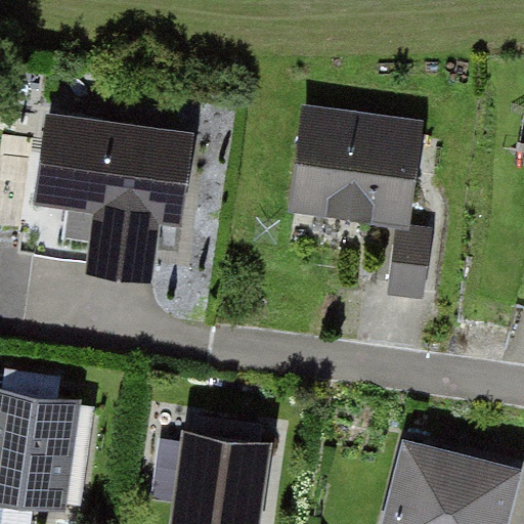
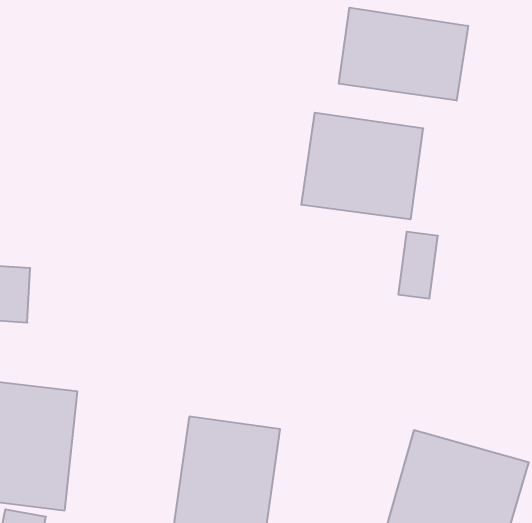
building: none -> [339,8,468,101]
building: [36,124,190,279] -> none

